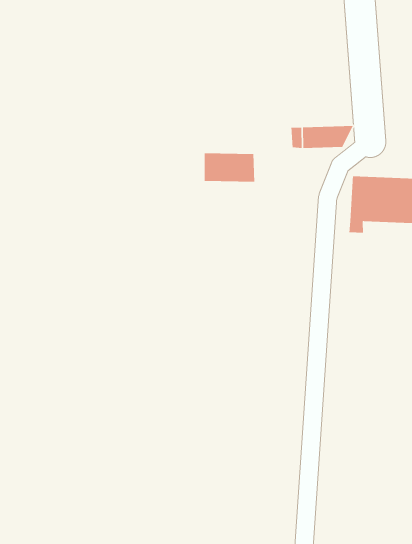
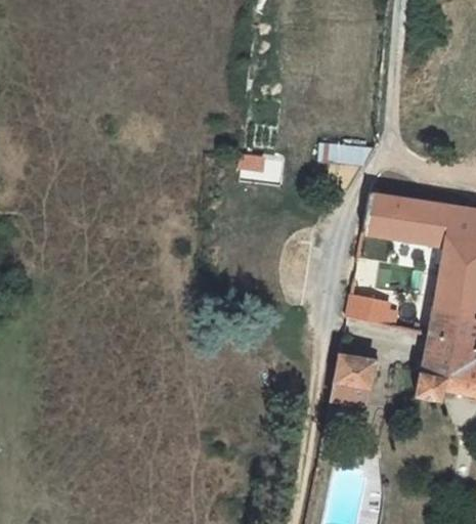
building: none -> [347,294,398,326]
building: none -> [332,353,380,403]

